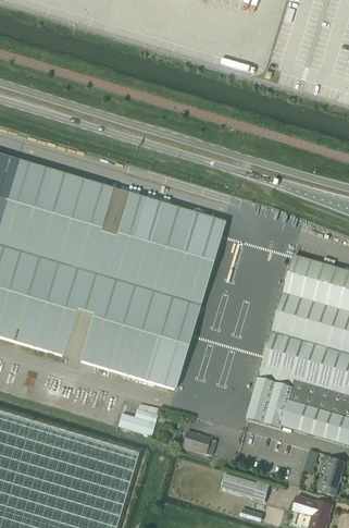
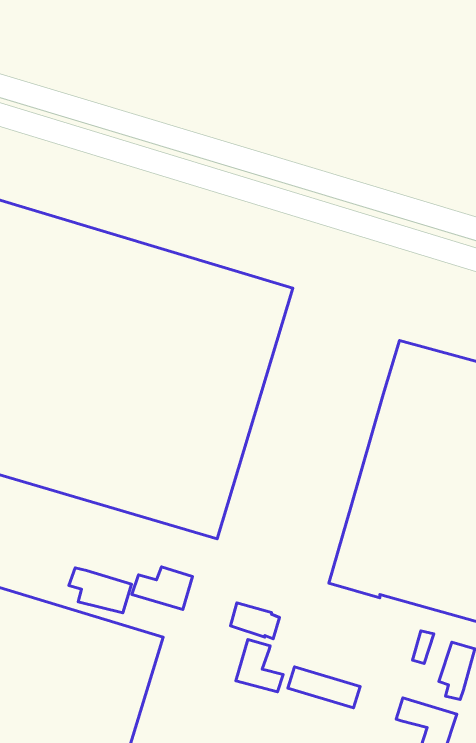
building: none -> [69,568,132,613]
building: none -> [236,639,283,692]

